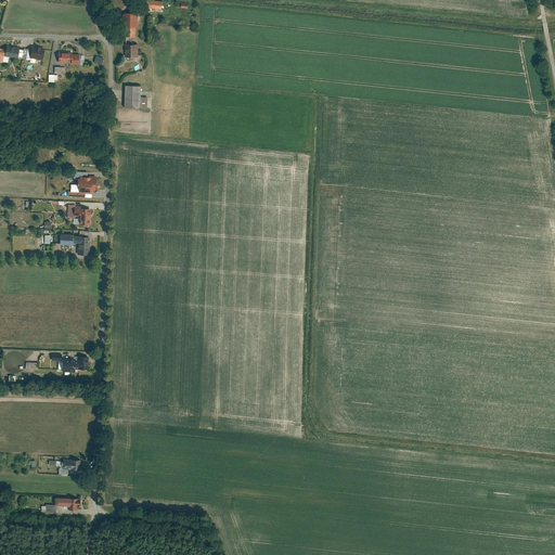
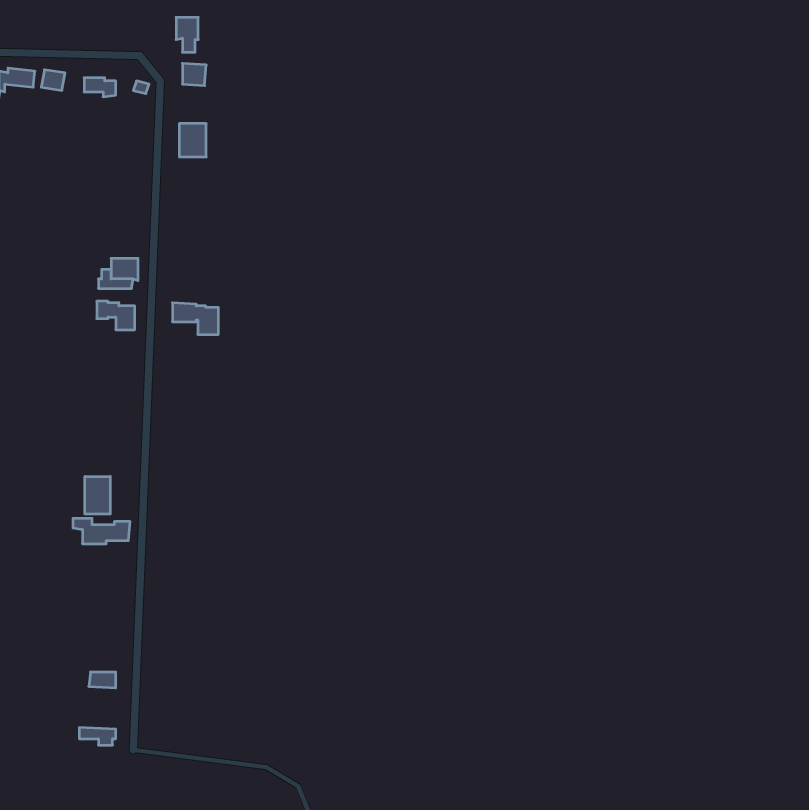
building: [59,234,90,256] -> [172,303,218,334]
building: none -> [85,476,110,514]

